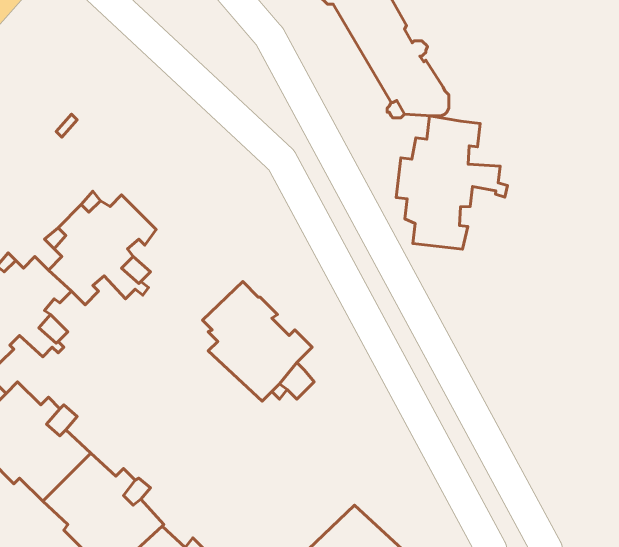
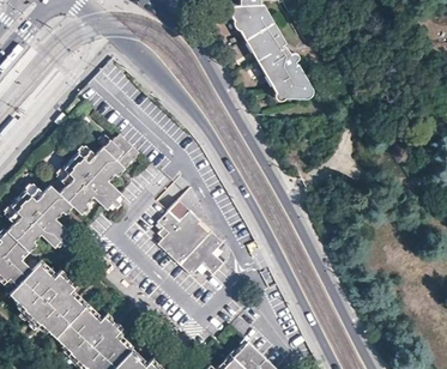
building: [396,116,508,249] -> none
building: none -> [102,137,143,170]

